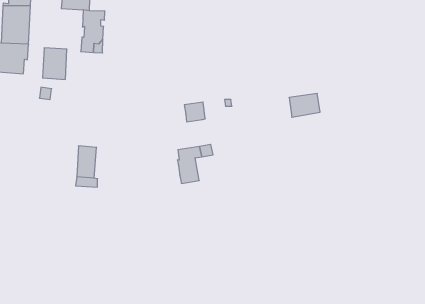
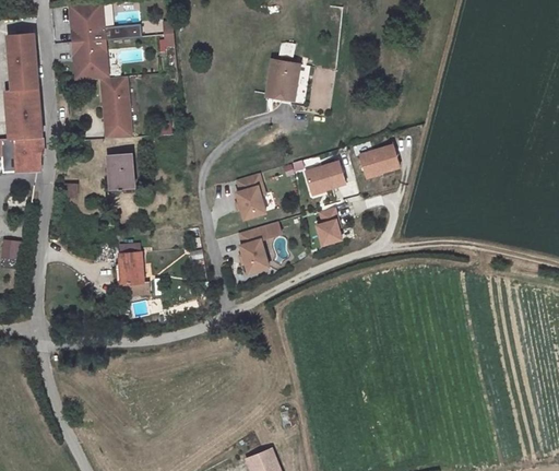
building: none -> [266,61,298,99]
building: [43,48,67,79] -> [105,152,135,190]
building: none -> [306,161,345,193]
building: none -> [235,191,266,220]
building: none -> [316,208,344,246]

